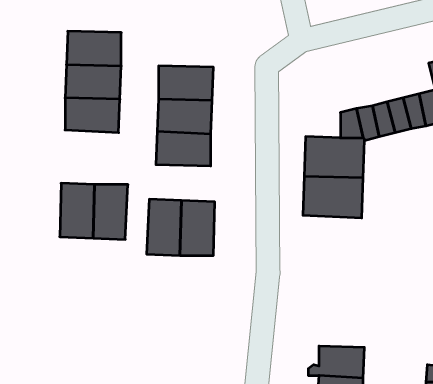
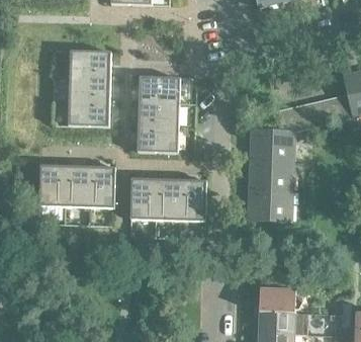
building: none -> [38,164,65,205]
building: none -> [180,179,206,221]
building: none -> [247,189,292,221]

